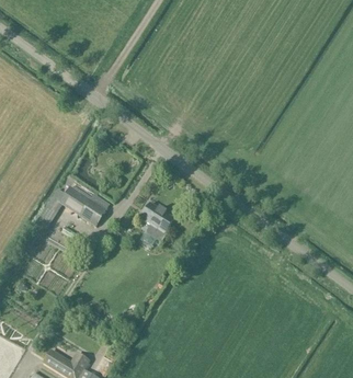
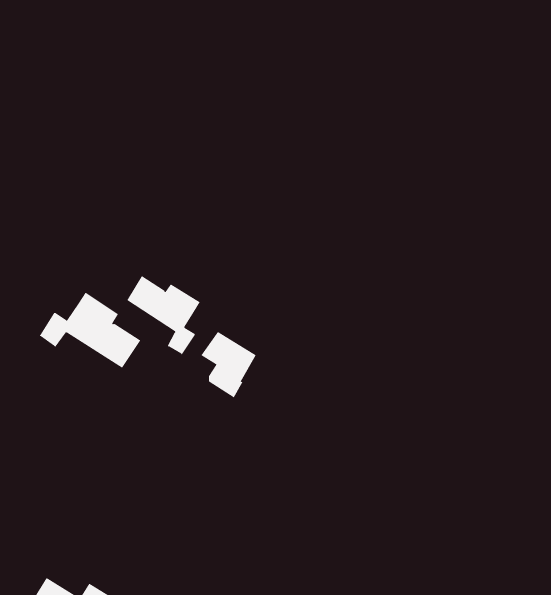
building: none -> [126,275,201,356]

